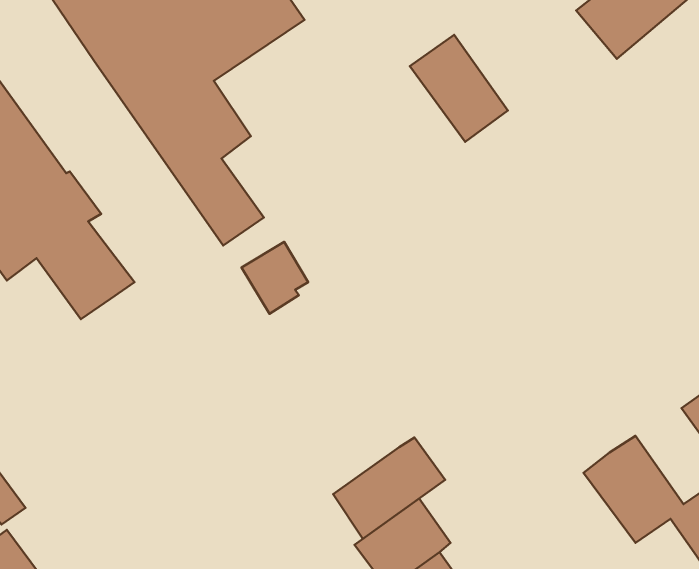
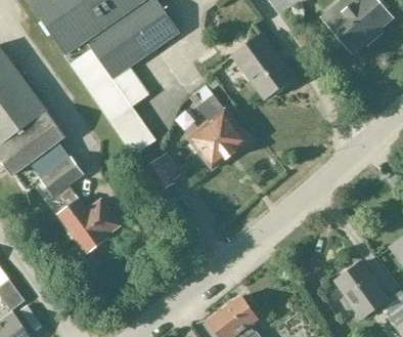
building: none -> [188,77,249,167]
building: none -> [54,183,121,250]
building: [333,437,445,539] -> none

